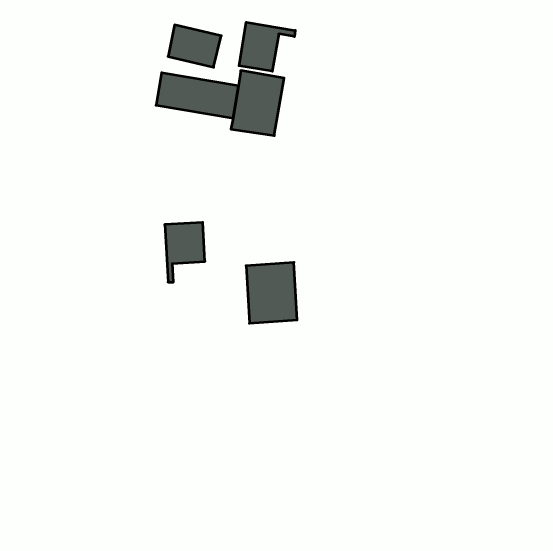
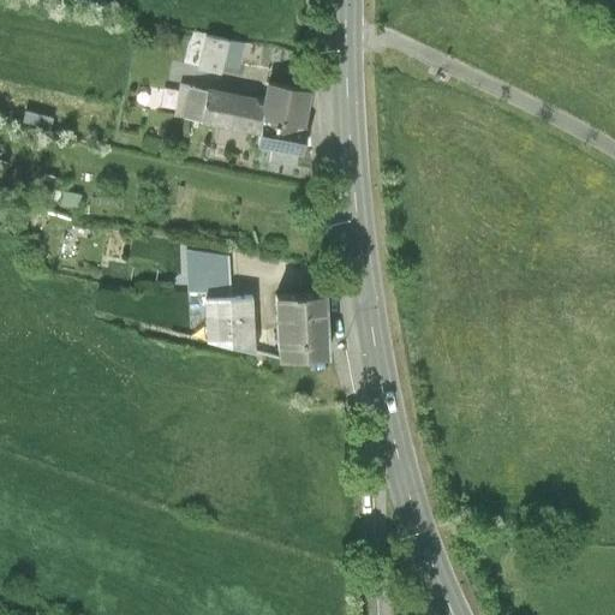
building: [239,22,295,71] -> none
building: none -> [204,298,256,353]

